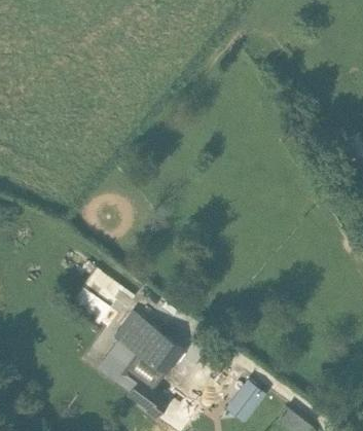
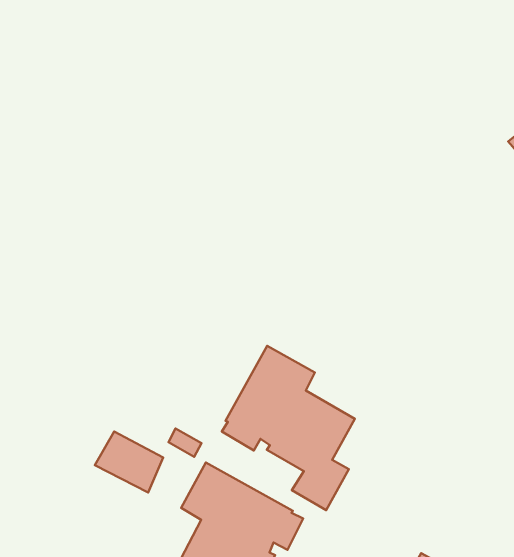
building: none -> [222,346,355,510]

